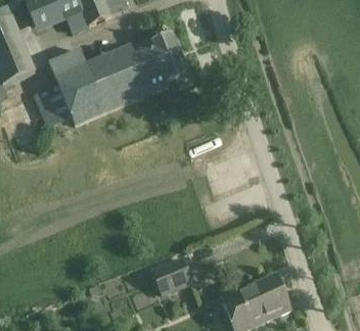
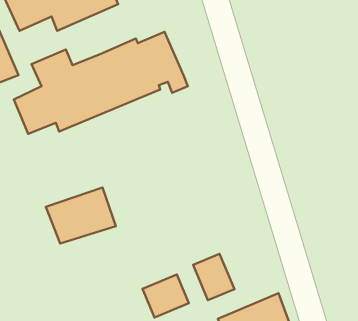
building: none -> [46,187,116,243]
building: none -> [193,254,234,300]

